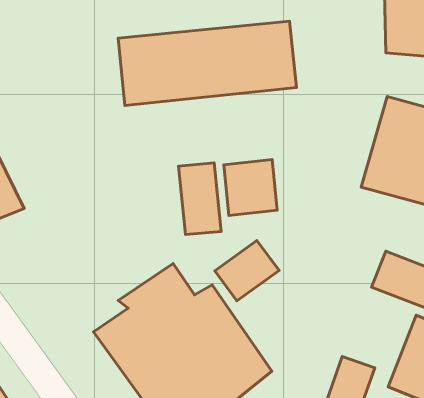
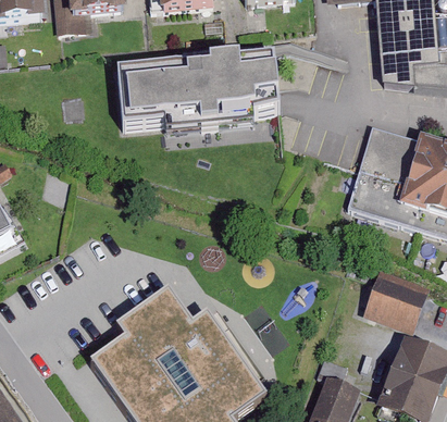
building: [224,159,277,215] -> none
building: [179,163,221,235] -> none
building: [215,240,279,301] -> none

